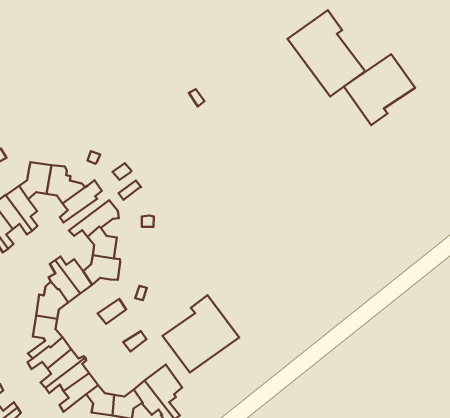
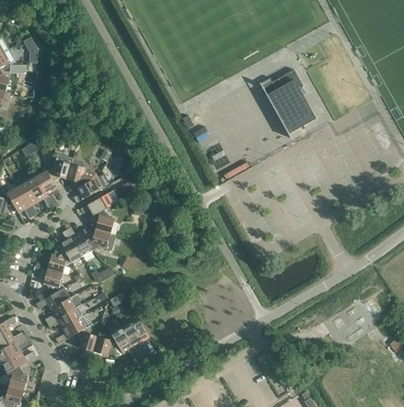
building: [344,54,415,125] -> none
building: [163,295,239,373] -> none

